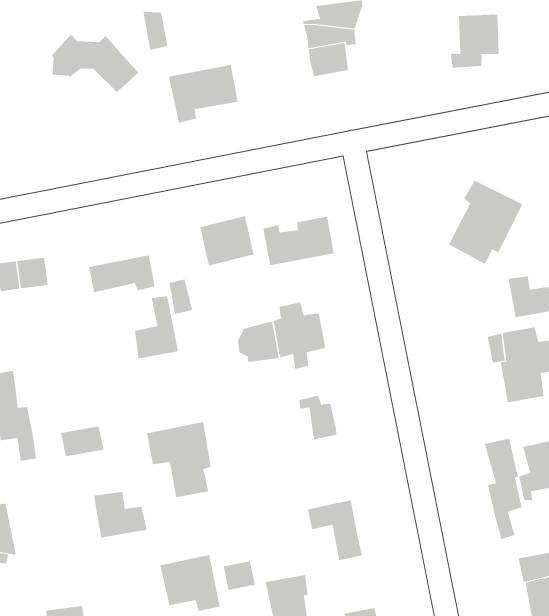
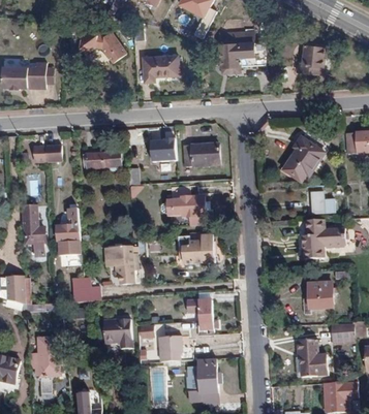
building: [134,296,179,359] -> [57,210,80,242]
building: none -> [177,234,214,264]
building: [484,438,522,540] -> none

